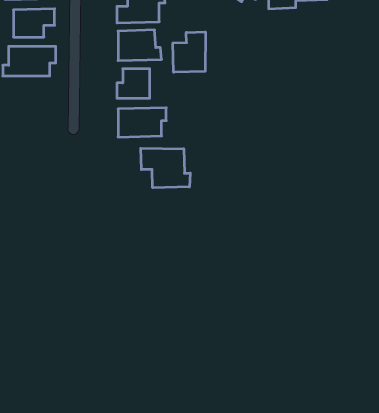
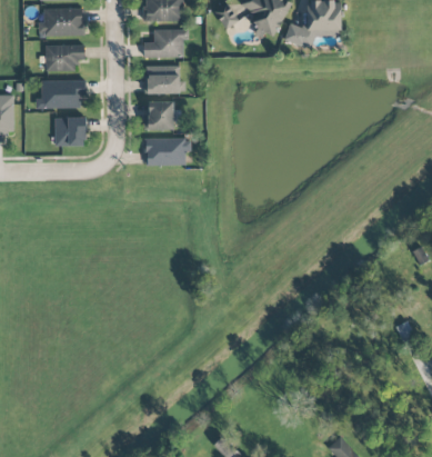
building: [173,32,205,72] -> none
building: none -> [54,118,86,147]
building: [141,148,190,188] -> none

